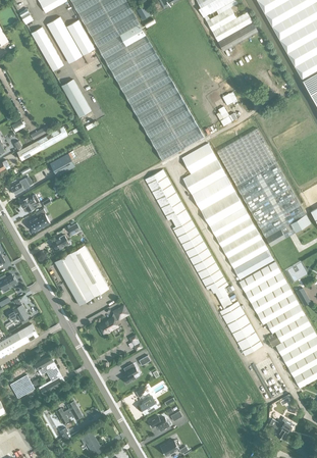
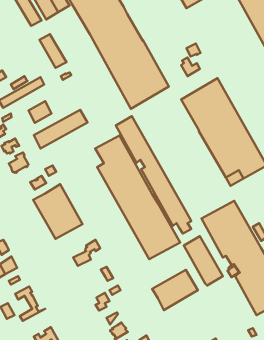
building: [180,143,273,278] -> [95,135,180,259]
building: none -> [34,110,88,148]
building: none -> [152,270,198,310]

